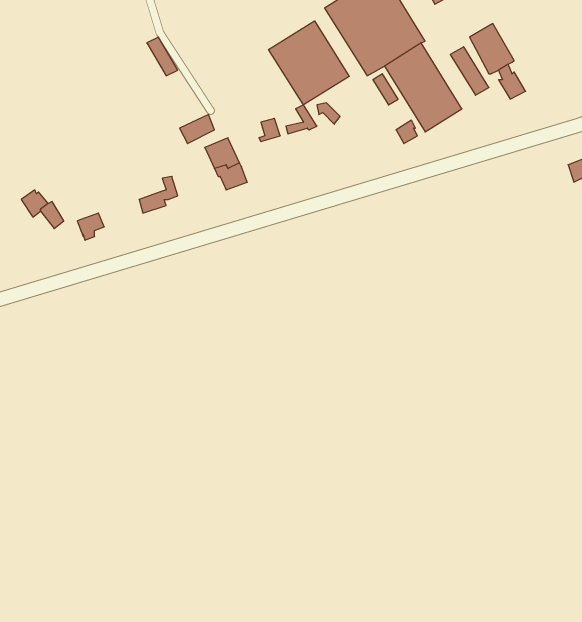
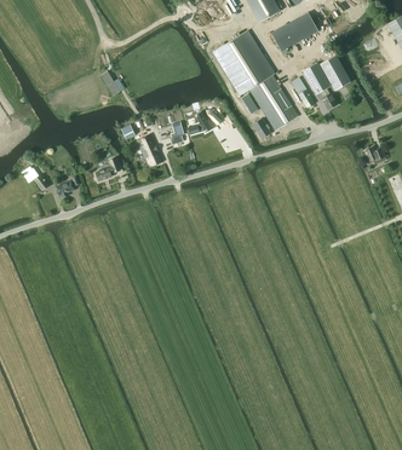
building: none -> [320,54,351,90]
building: [269,21,349,105] -> none

